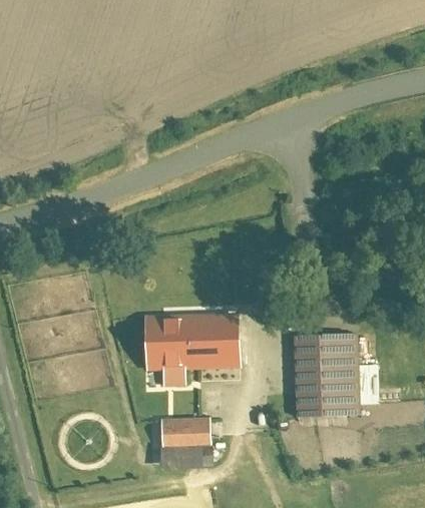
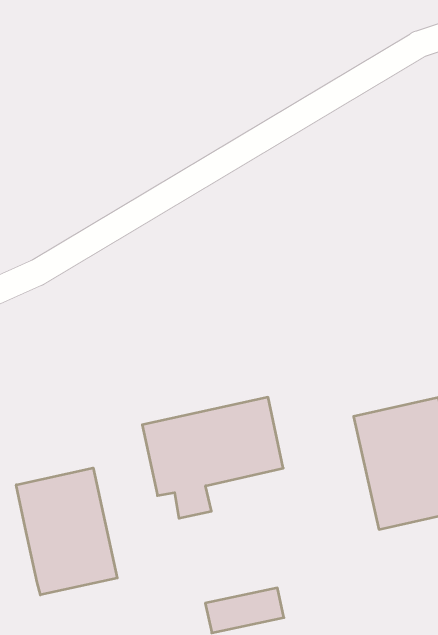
building: none -> [16,468,117,595]
building: [159,416,208,445] -> none

